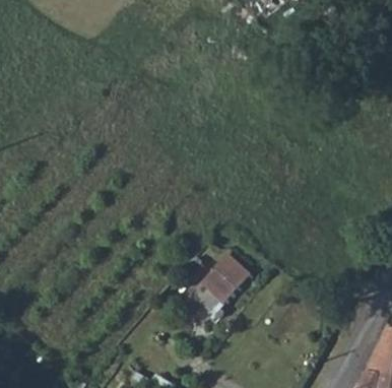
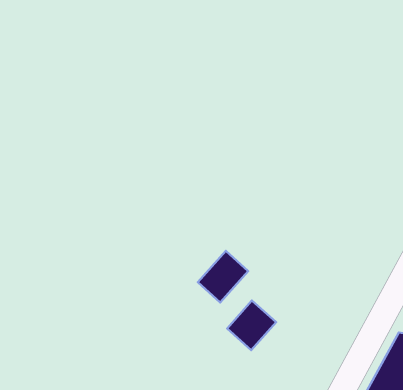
building: none -> [227,301,276,350]

